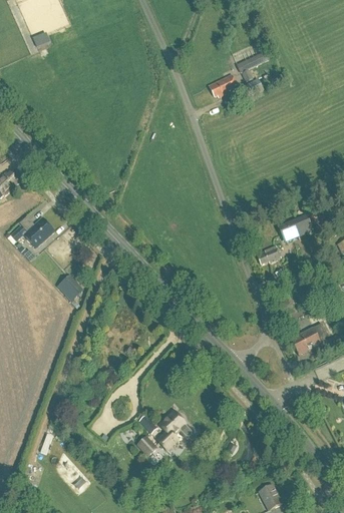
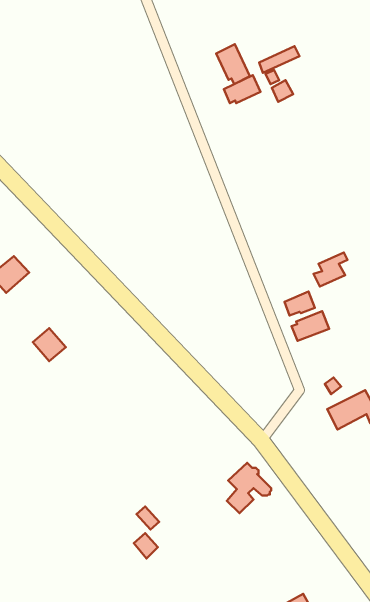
building: none -> [216,44,250,84]
building: none -> [292,311,329,341]
building: [157,410,193,450] -> [227,463,271,513]

